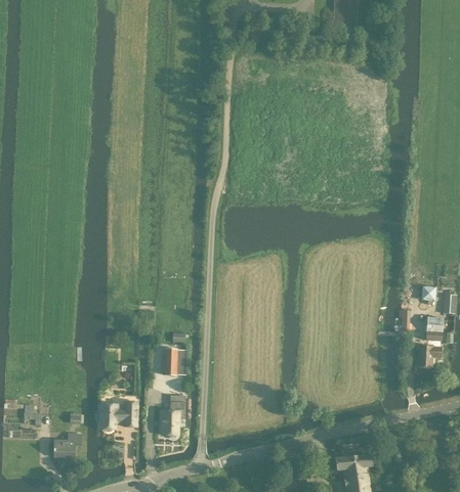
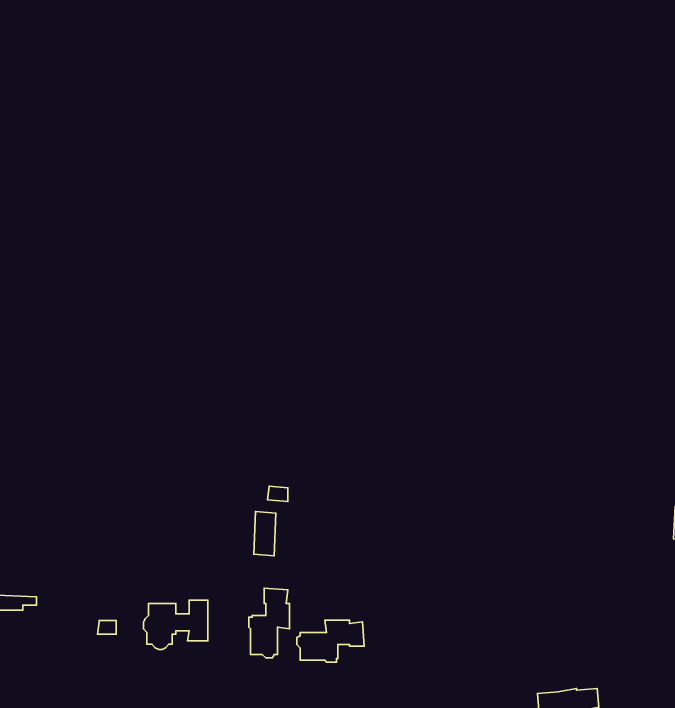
building: none -> [297,620,364,662]
building: [52,434,80,457] -> none

